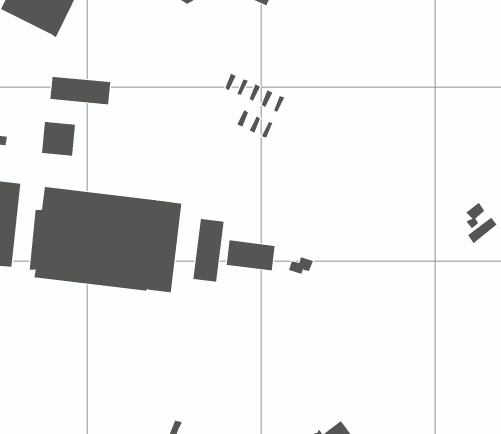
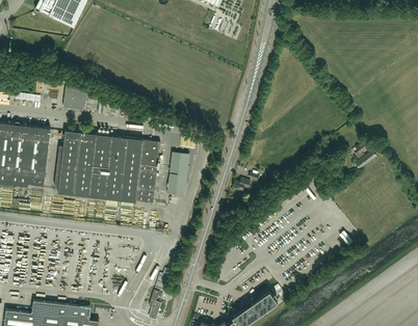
building: [50,76,111,105] -> none
building: [226,240,275,271] -> none

